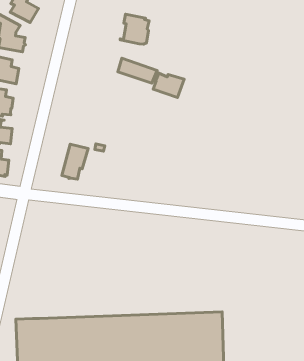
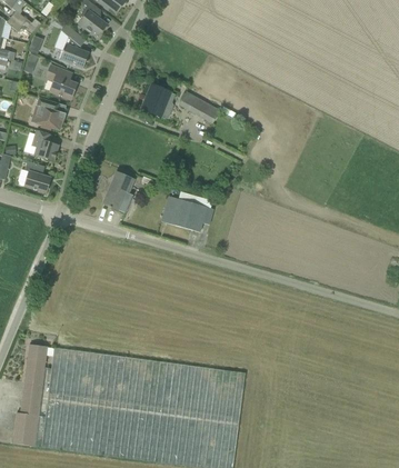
building: [120,14,149,44] -> [141,83,174,118]
building: [153,73,184,97] -> none
building: none -> [161,196,213,231]

